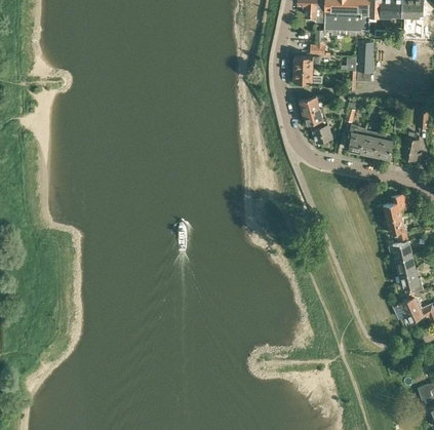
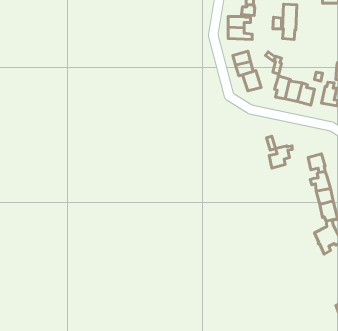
building: [384,194,410,220] -> [269,146,292,168]

